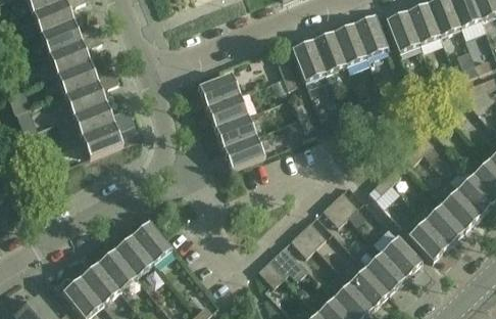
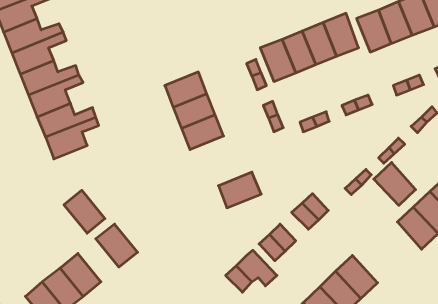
building: [222,136,264,171] -> [218,172,261,208]
building: [407,220,448,262] -> [374,162,416,205]
building: [113,236,153,278] -> [64,190,105,233]
building: [381,237,421,279] -> none

